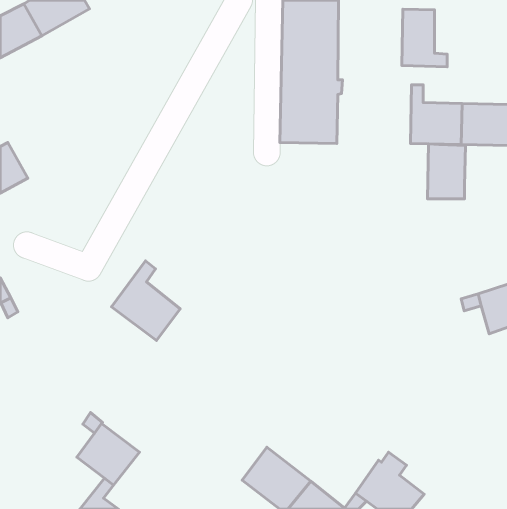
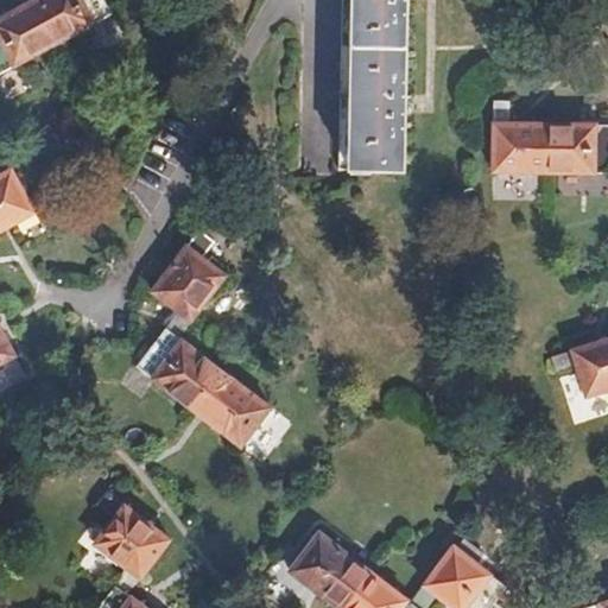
building: [402,9,447,67] -> none
building: [427,144,466,199] -> none
building: none -> [151,230,223,321]
building: none -> [189,368,271,446]

